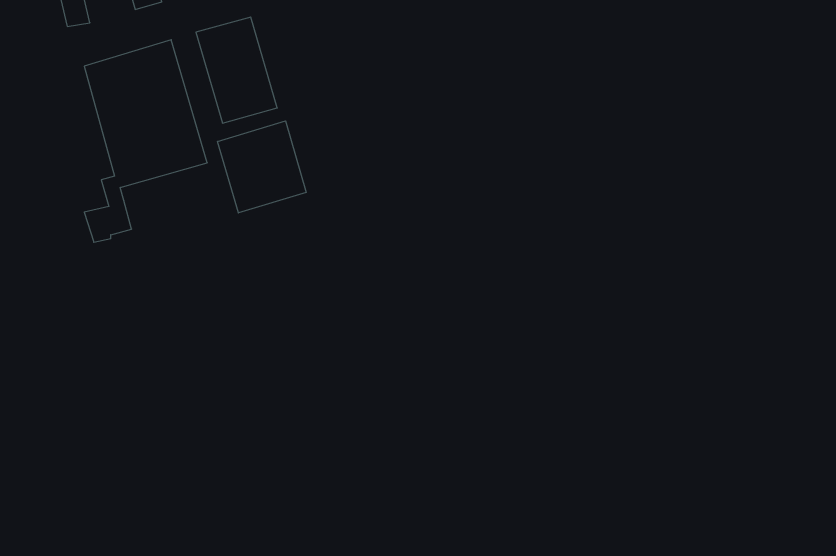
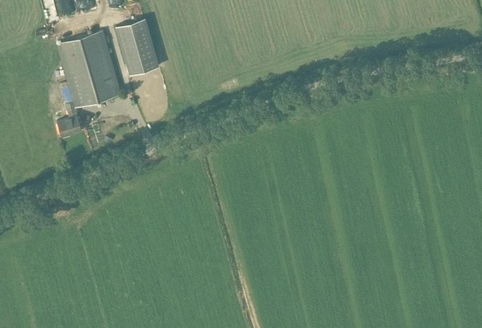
building: [218,121,306,213] -> none

